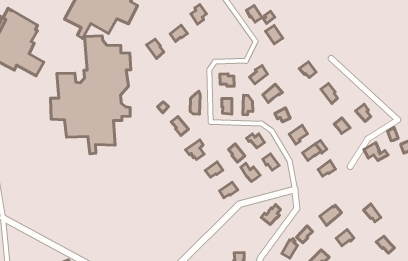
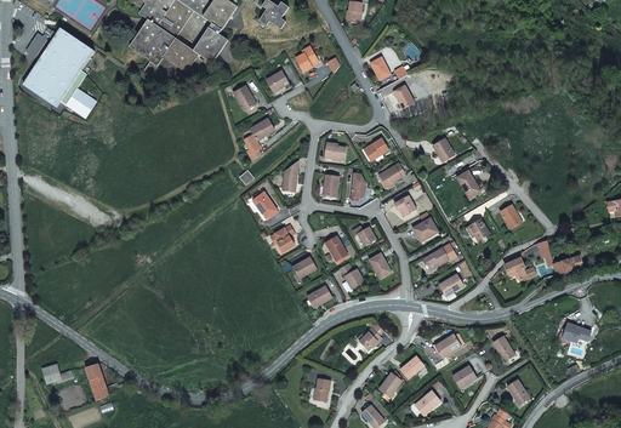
building: [50,36,131,154] -> none
building: none -> [243,118,273,160]

